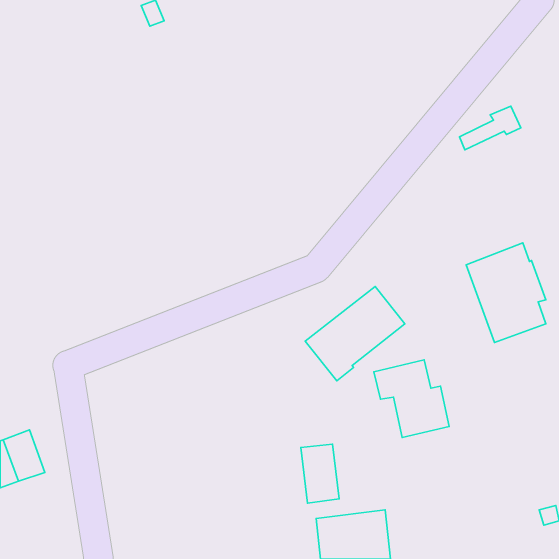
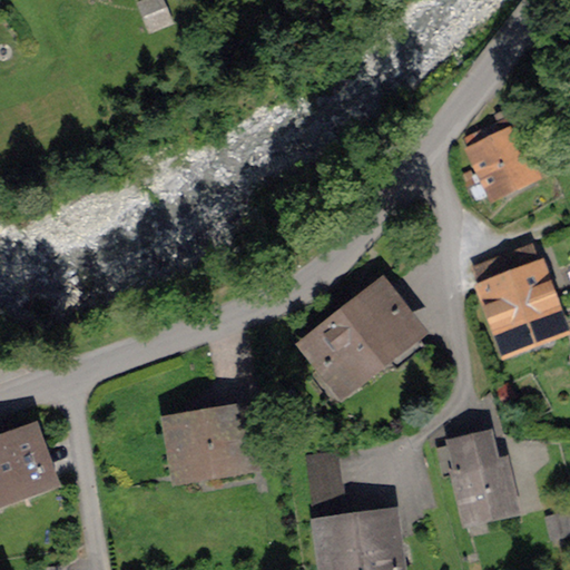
building: none -> [473,134,533,193]
building: [374,360,449,438] -> [436,438,513,517]
building: none -> [175,411,250,480]

